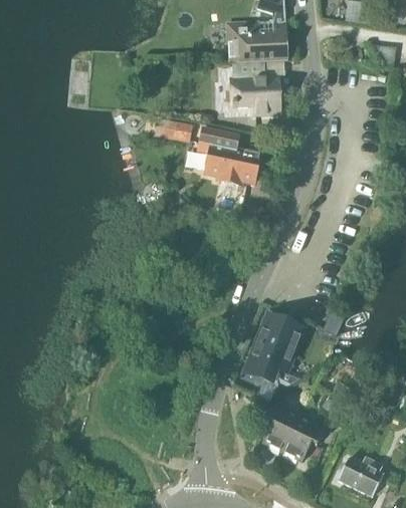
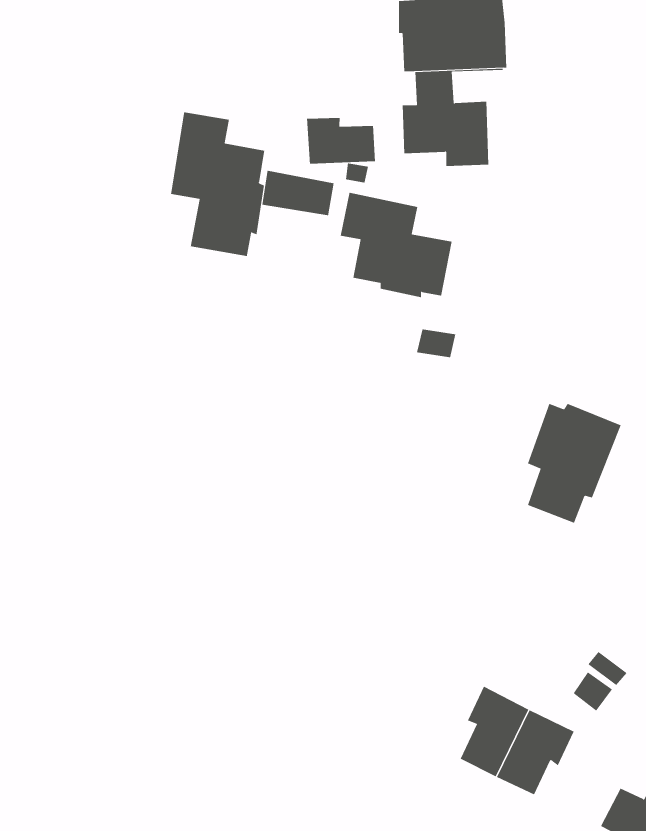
building: none -> [171,112,265,257]
building: none -> [306,117,375,164]
building: [248,316,300,383] -> [527,403,622,524]

